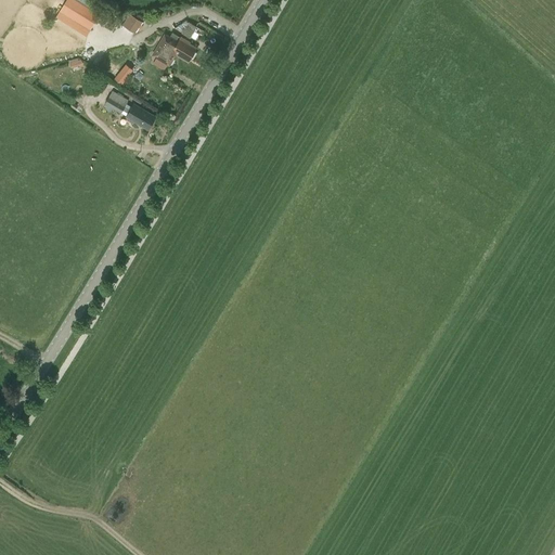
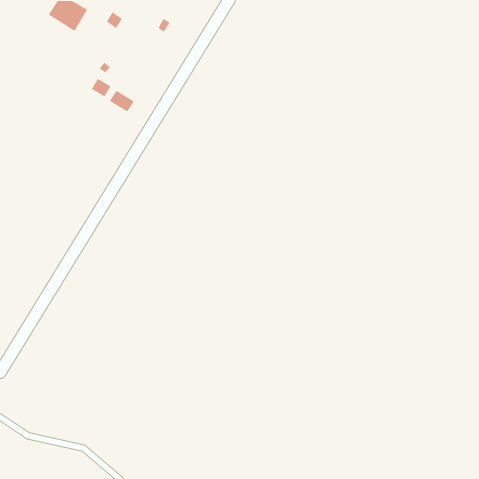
building: [153,34,196,65] -> none

